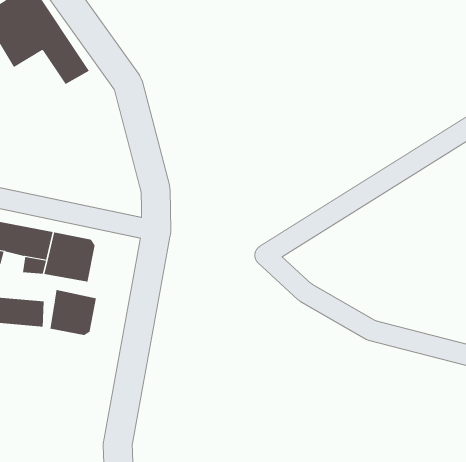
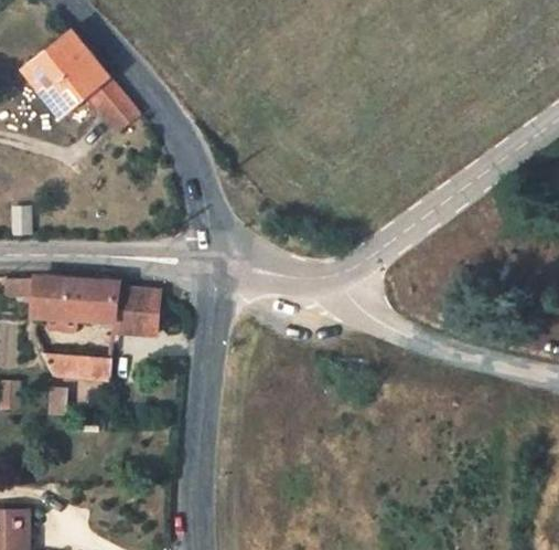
building: [50,289,97,336] -> none

